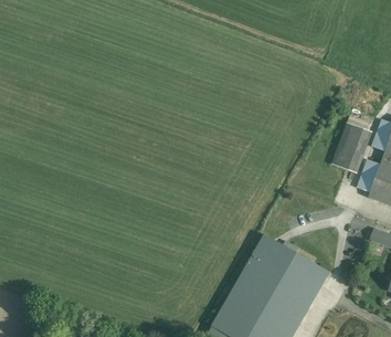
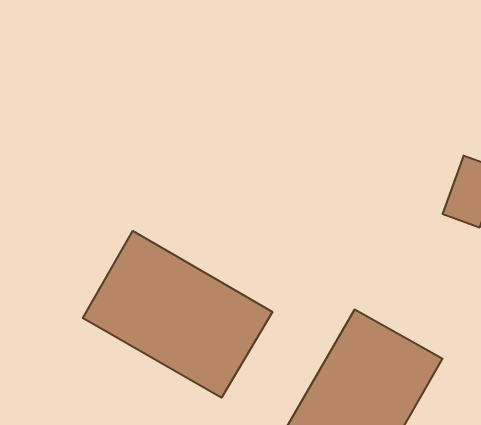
building: none -> [83,231,272,398]

